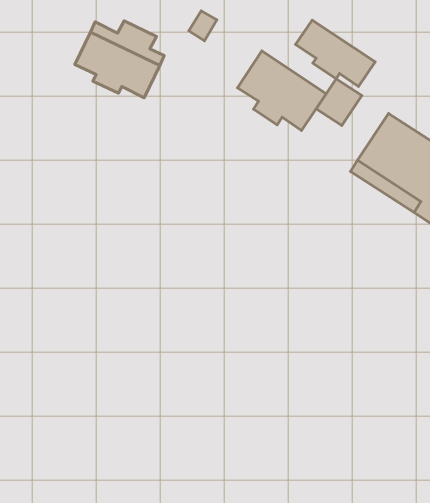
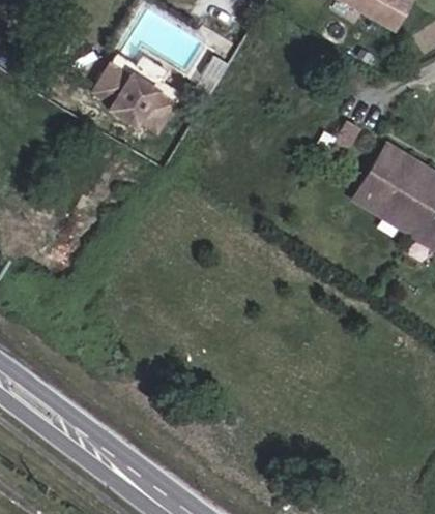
building: [296,20,375,87] -> none
building: [237,51,326,131] -> none

